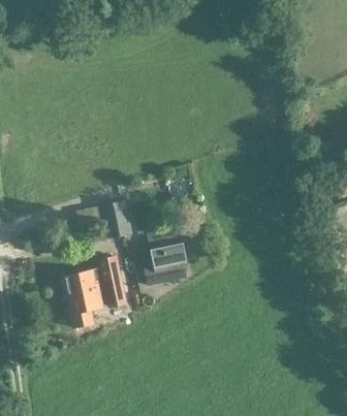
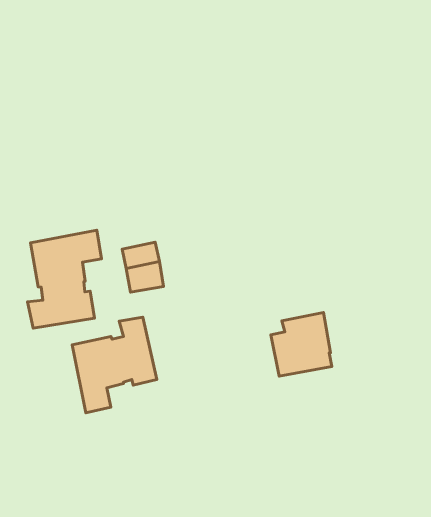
building: none -> [28,230,101,328]
building: [144,237,189,285] -> [271,313,332,376]

